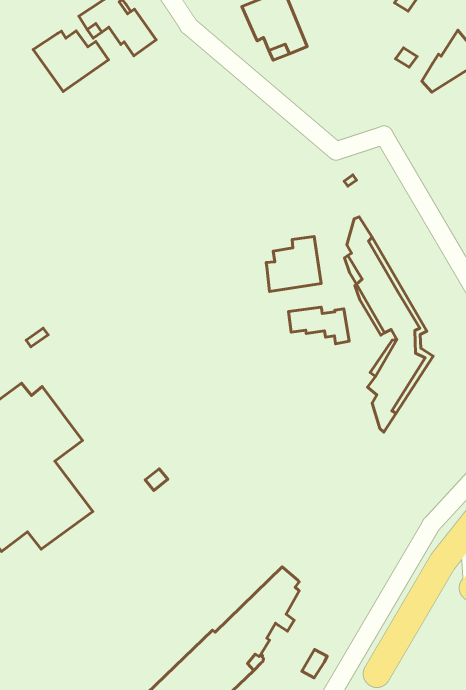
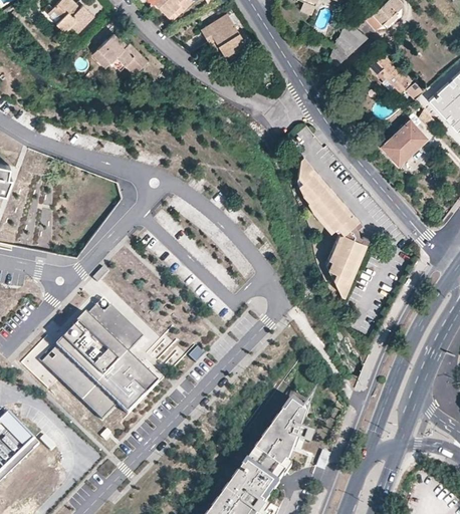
building: [33,31,108,92] -> none
building: [266,236,321,292] -> none
building: [288,307,349,344] -> none

